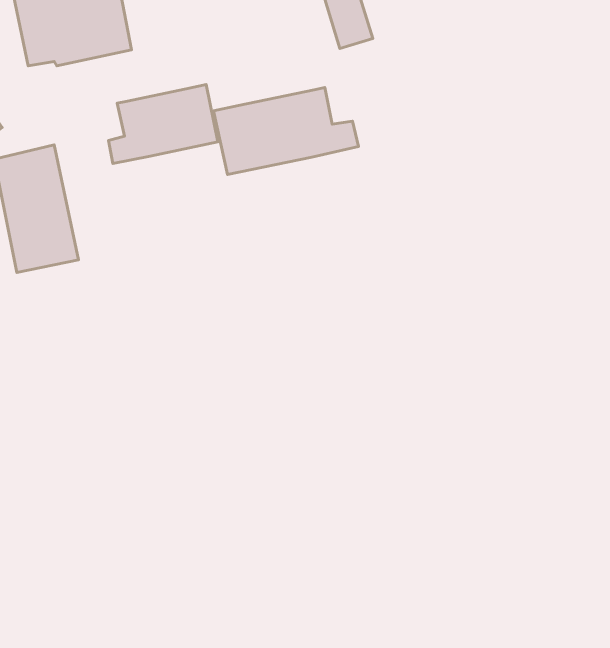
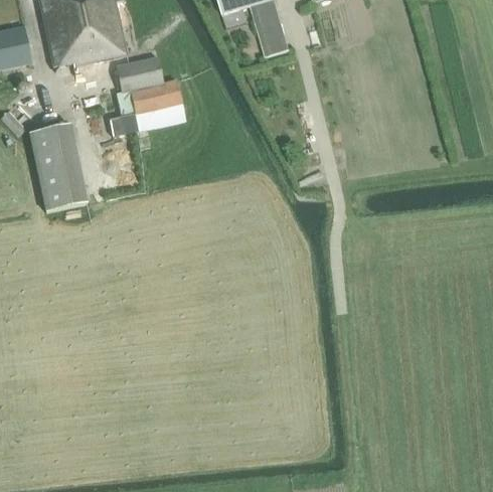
building: none -> [116,56,163,92]
building: [213,87,358,175] -> none

